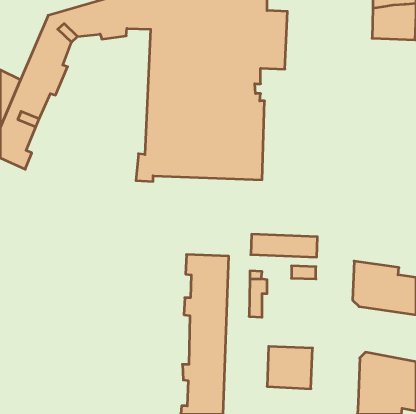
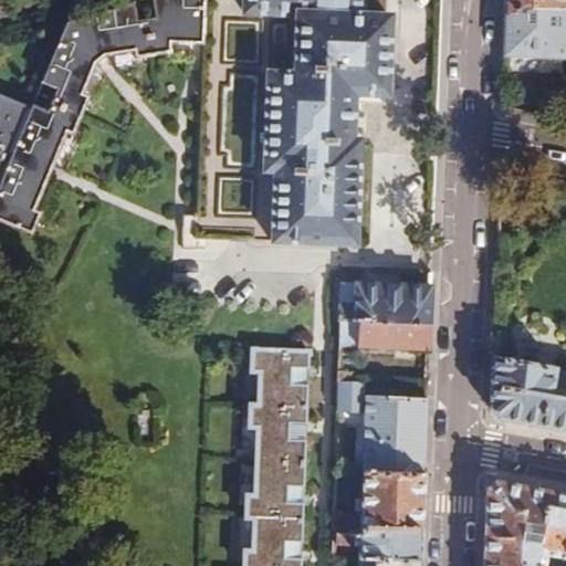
building: none -> [339,281,432,322]
building: none -> [365,395,428,473]
building: none -> [335,525,422,558]

